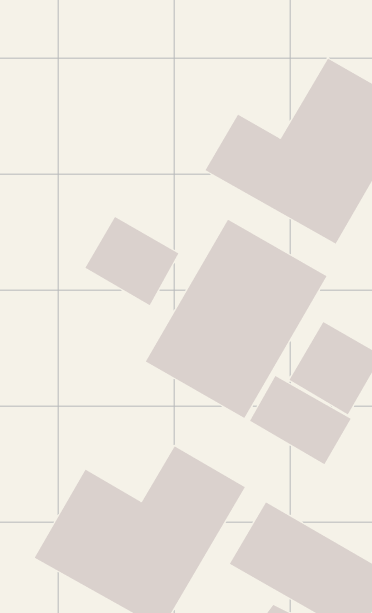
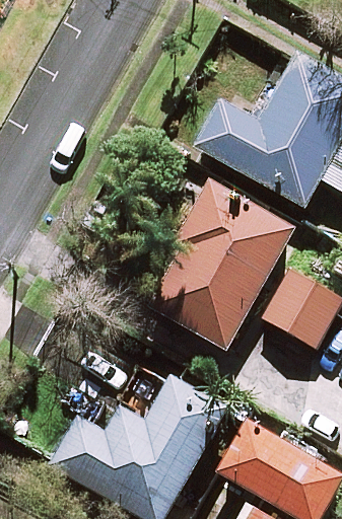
building: [85,216,179,306] -> none
building: [249,375,352,465] -> none

